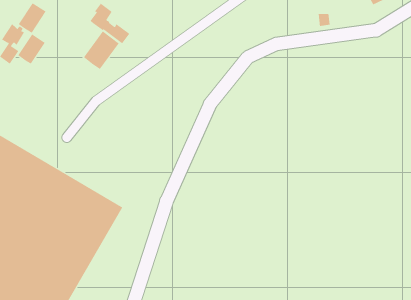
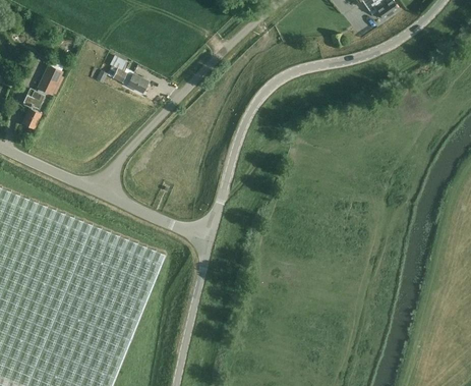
building: [83,31,119,70] -> none
building: [17,33,45,65] -> none

